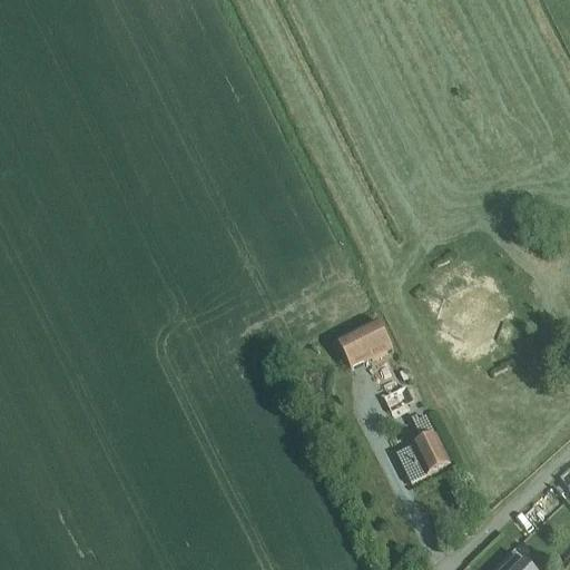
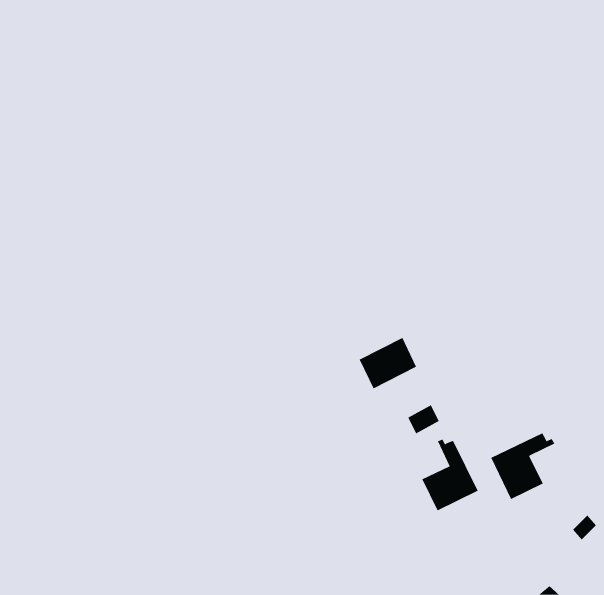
building: none -> [490,433,555,500]

